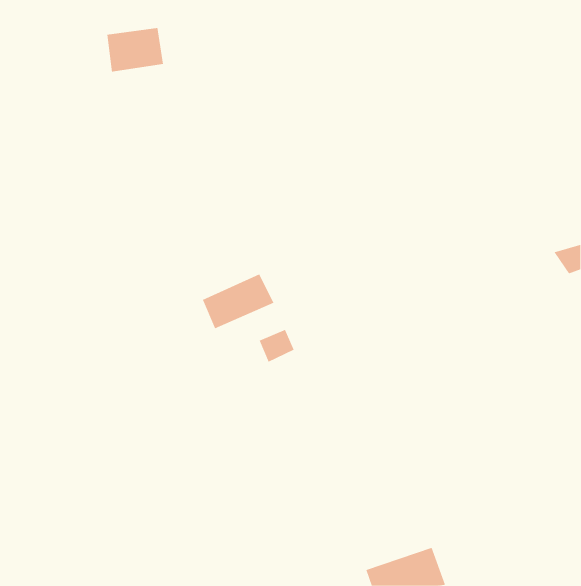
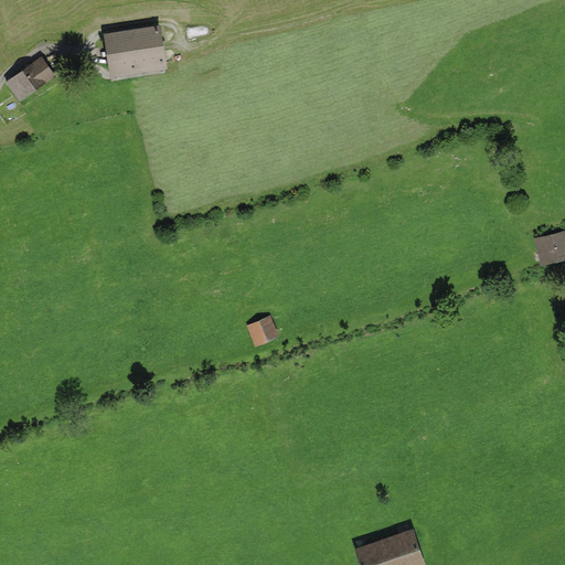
building: none -> [4,54,58,104]
building: [202,274,274,329] -> none

